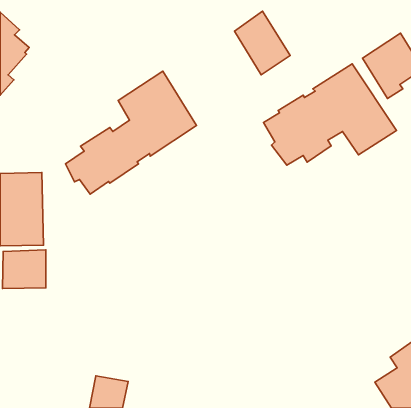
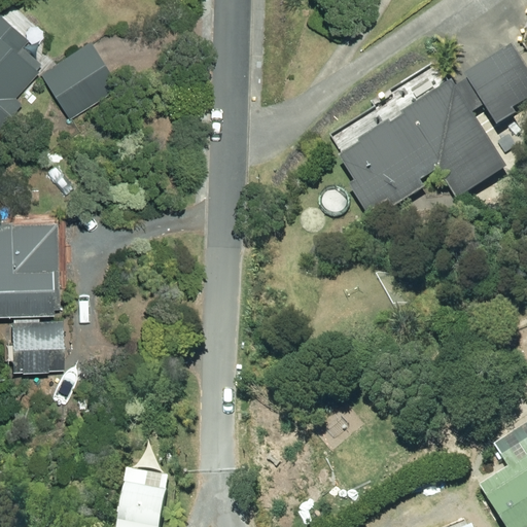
building: [234,11,290,75] -> none
building: none -> [37,38,116,115]
building: [66,71,196,194] -> none

